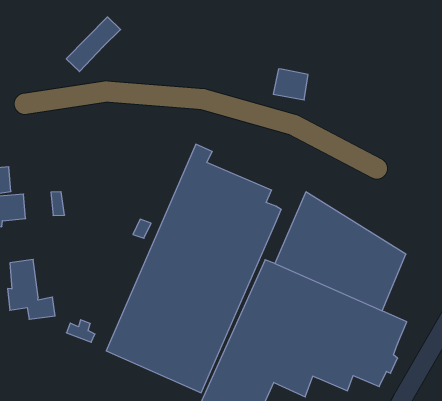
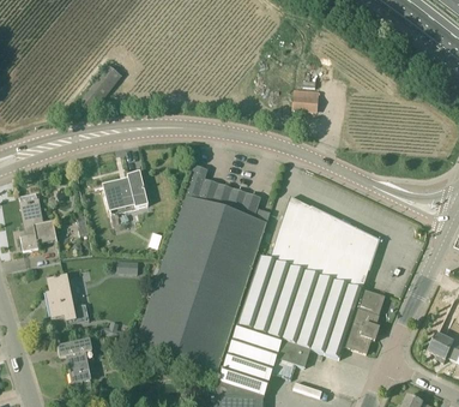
building: [273,69,308,100] -> [291,89,319,113]
building: none -> [105,172,149,211]
building: none -> [58,339,93,383]

